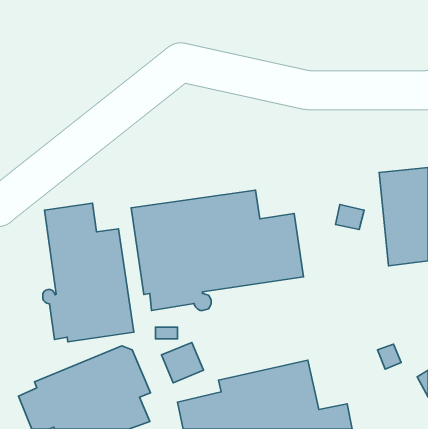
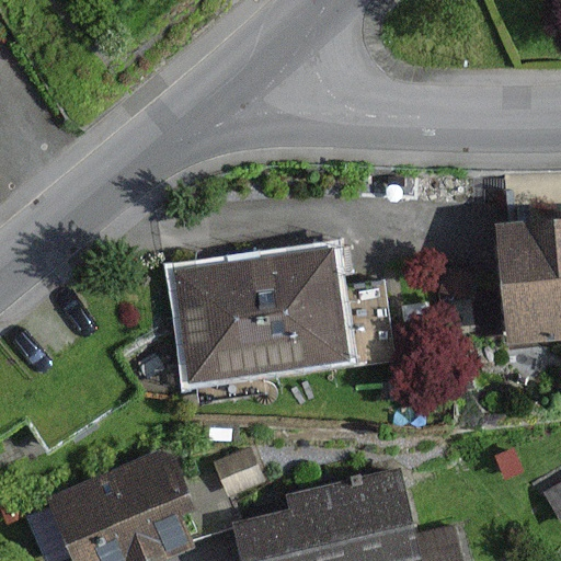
building: [43,203,134,342] -> none

